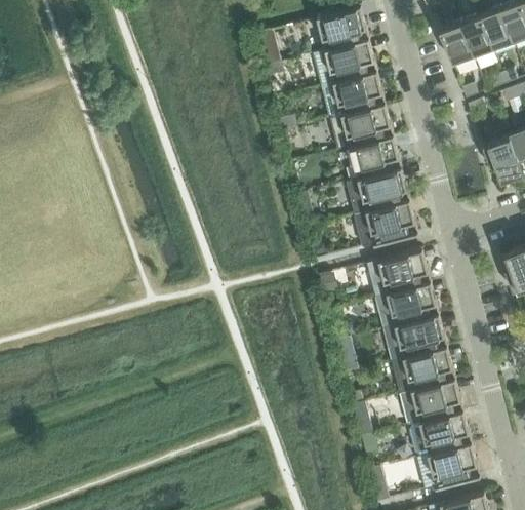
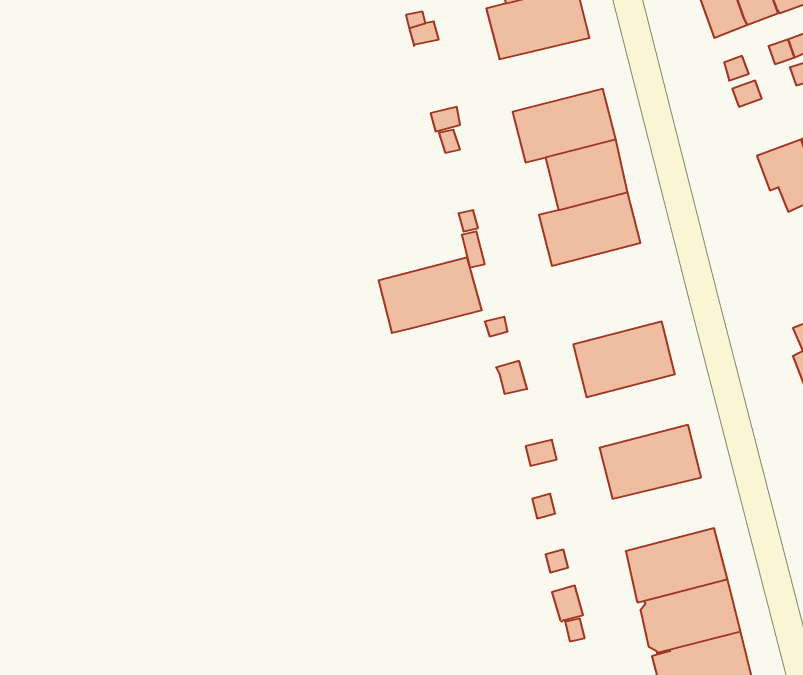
building: [321,73,386,119] -> none
building: [354,201,418,248] -> [379,258,482,333]
building: [375,283,439,329] -> none
building: [392,348,455,394] -> none

